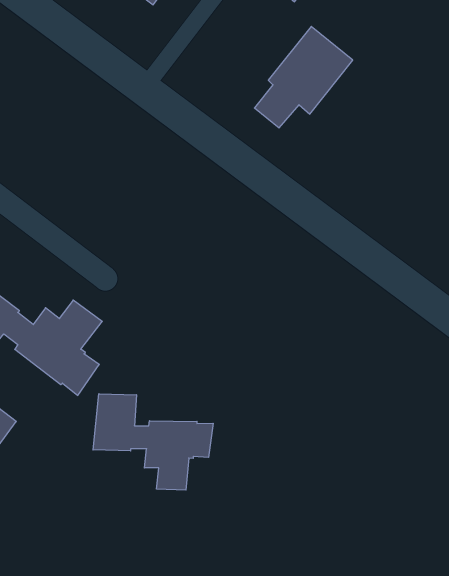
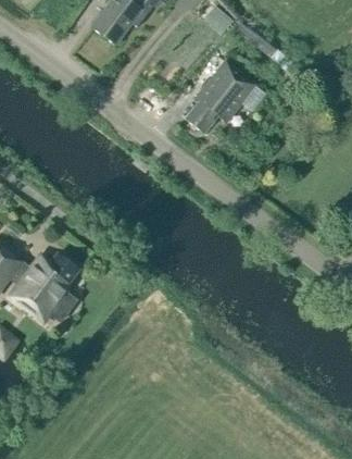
building: [93,394,213,490] -> none

